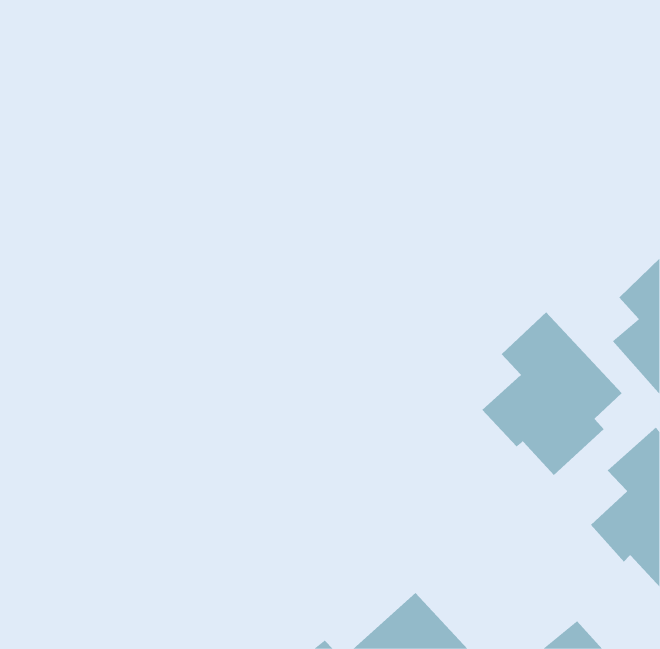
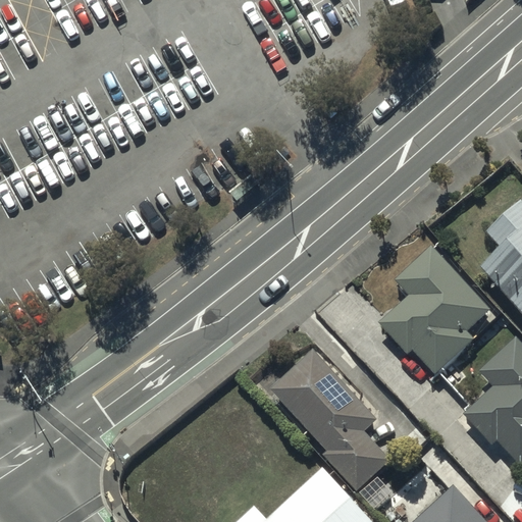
building: none -> [271,351,393,492]

